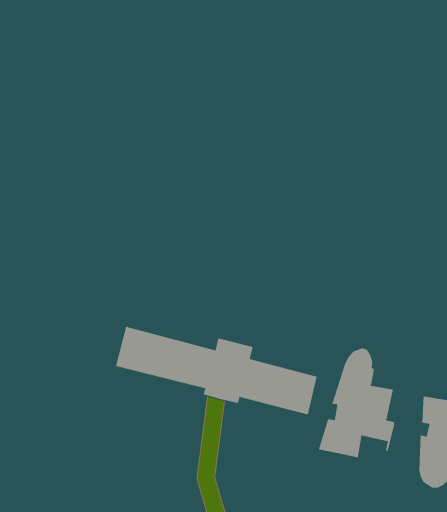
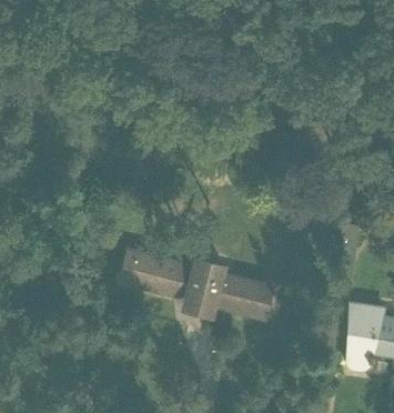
building: [318,347,394,458] -> none

